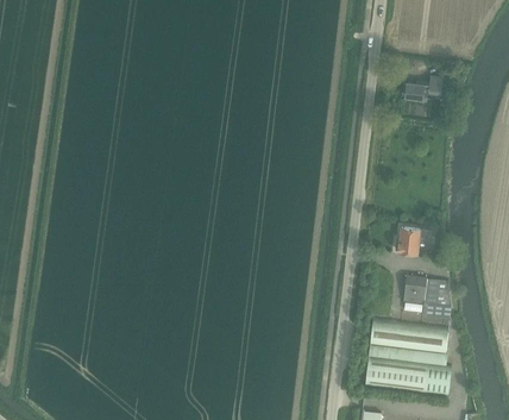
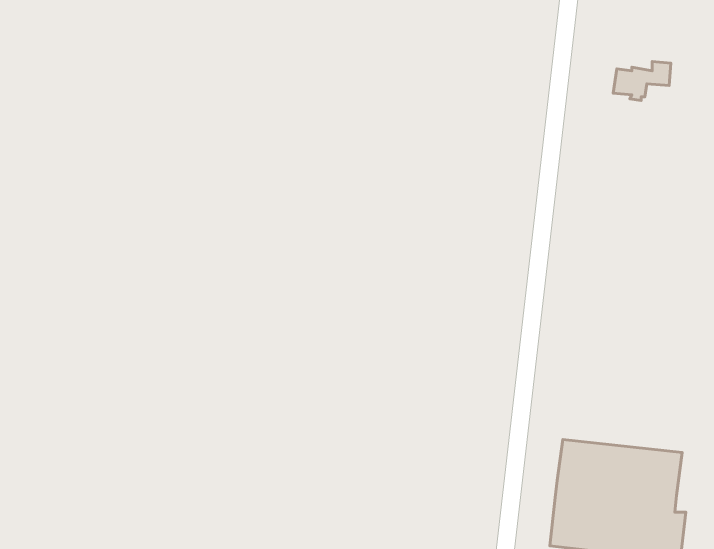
building: [395,227,431,253] -> none
building: [402,276,451,315] -> none

